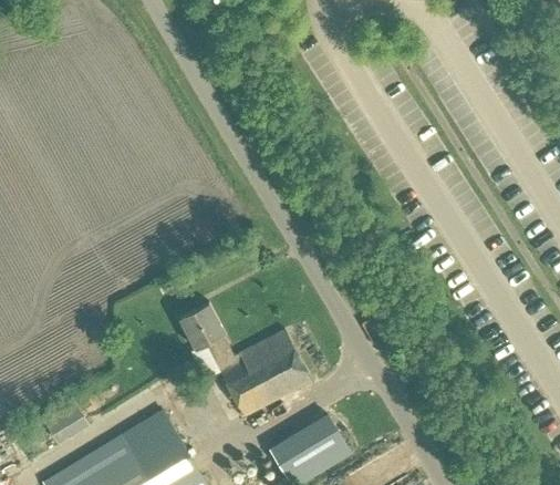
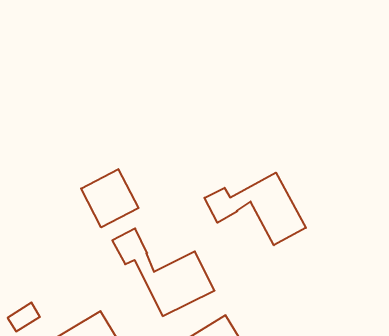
building: none -> [81,169,139,227]
building: none -> [204,173,306,245]

